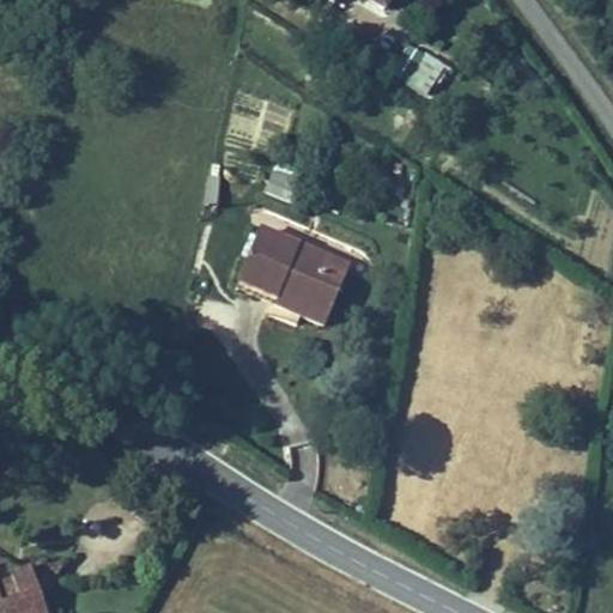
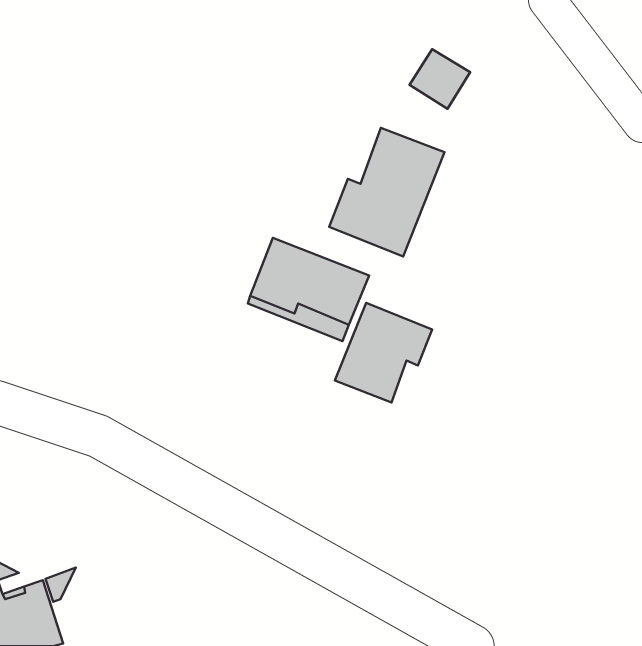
building: none -> [329,128,444,256]
building: none -> [335,303,432,403]

